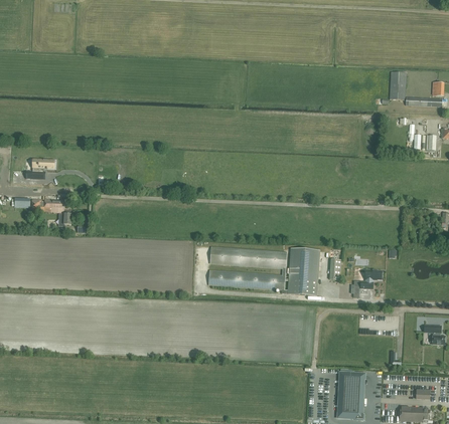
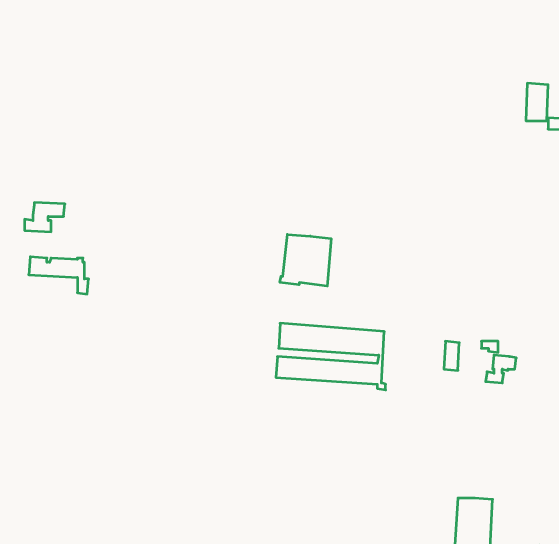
building: none -> [280,234,331,286]
building: [287,246,319,296] -> none

